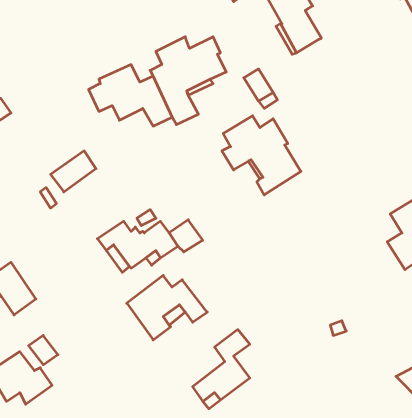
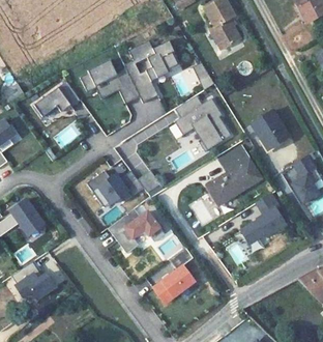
building: none -> [34,79,81,115]
building: none -> [253,111,289,148]
building: none -> [208,146,262,205]
building: none -> [240,192,284,243]

